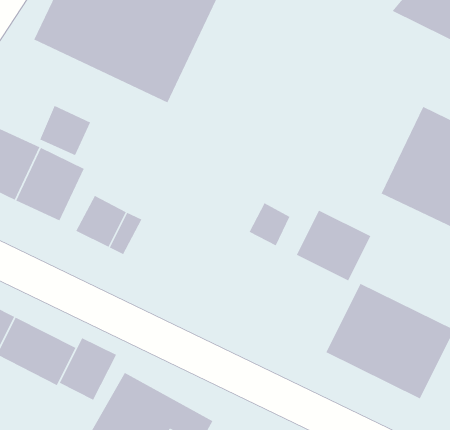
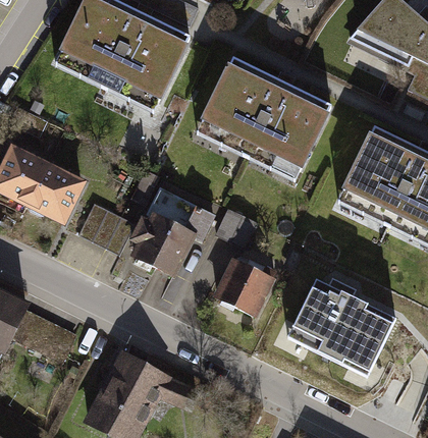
building: none -> [195,55,334,180]
building: [39,105,91,156] -> none
building: none -> [126,185,219,277]
building: [296,209,371,282] -> [209,258,273,319]
building: [59,337,117,401] -> none

